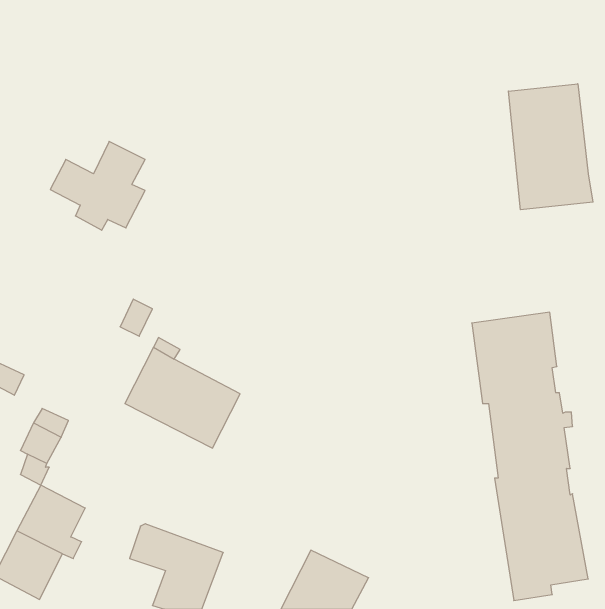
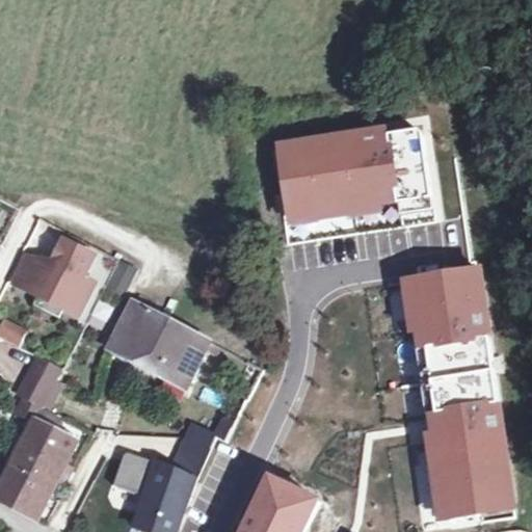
building: [508,84,593,210] -> none
building: [50,141,145,230] -> [9,238,91,315]
building: none -> [280,131,428,215]
building: none -> [170,423,214,478]

